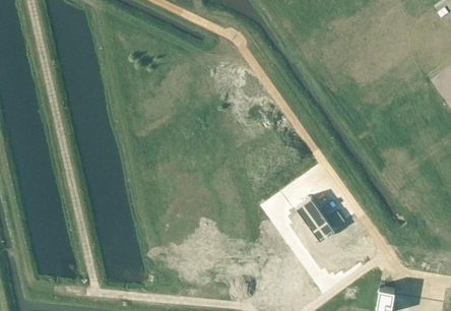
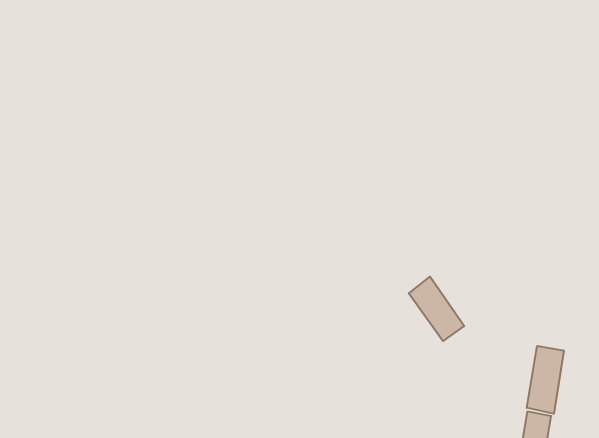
building: none -> [527,346,564,414]

